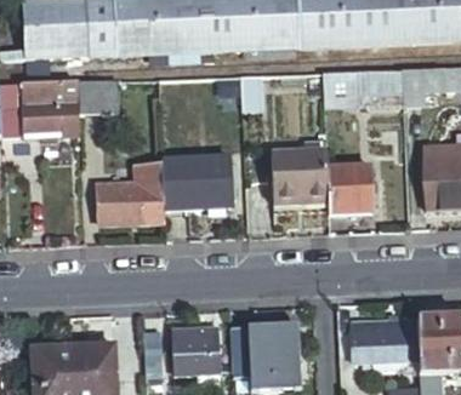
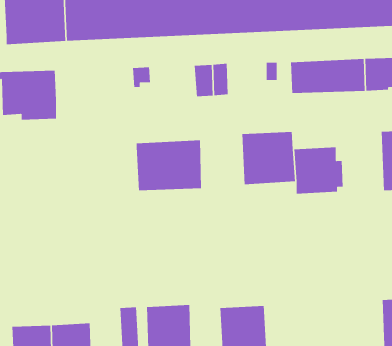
building: [78,80,119,114] -> none
building: [98,162,164,223] -> none
building: [355,322,420,365] -> none

